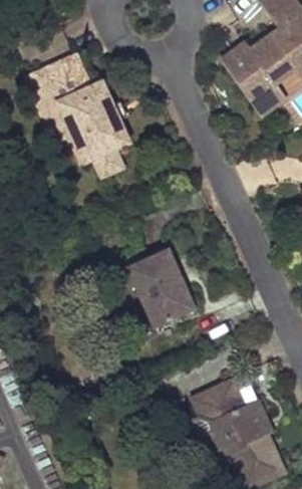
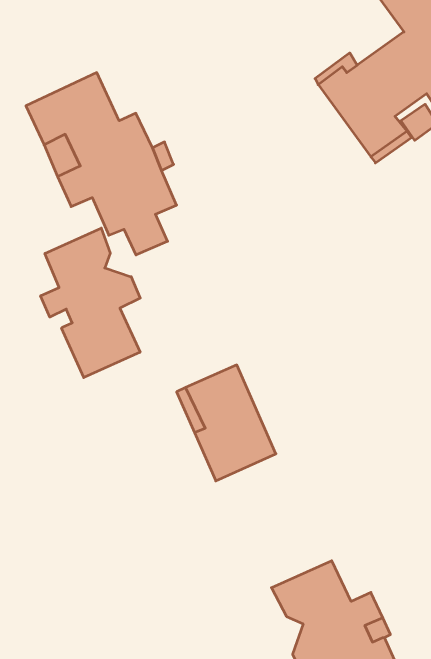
building: none -> [41,228,140,378]

